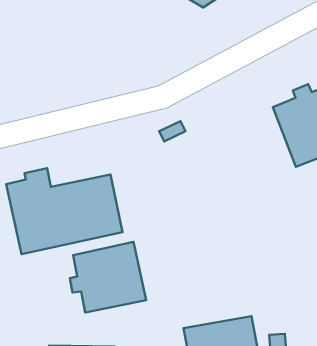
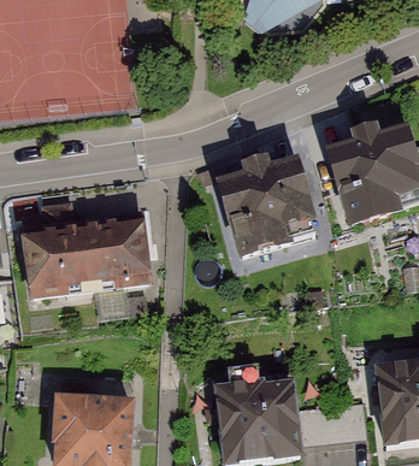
building: none -> [223,159,317,250]
building: [70,242,146,313] -> none

